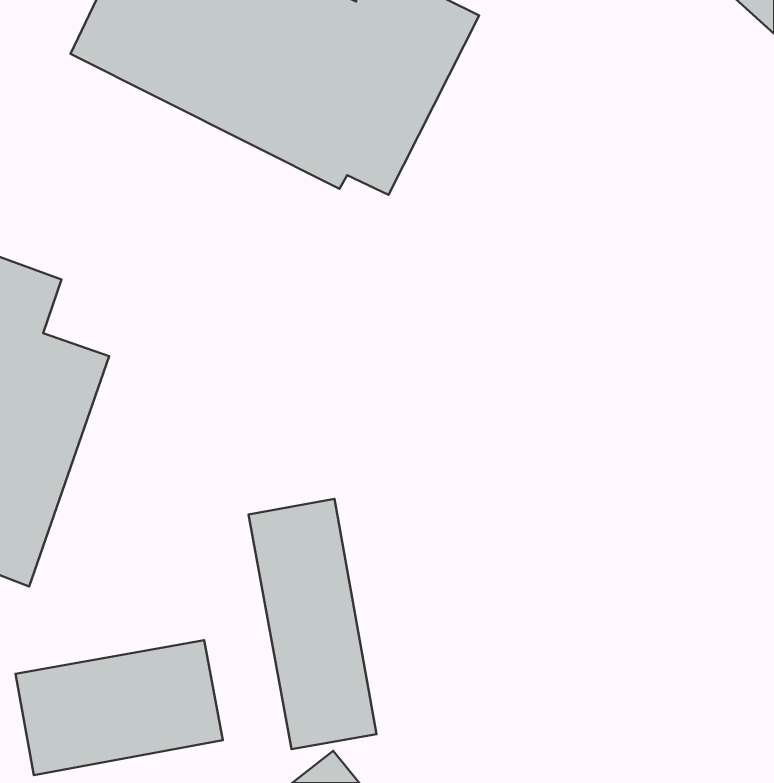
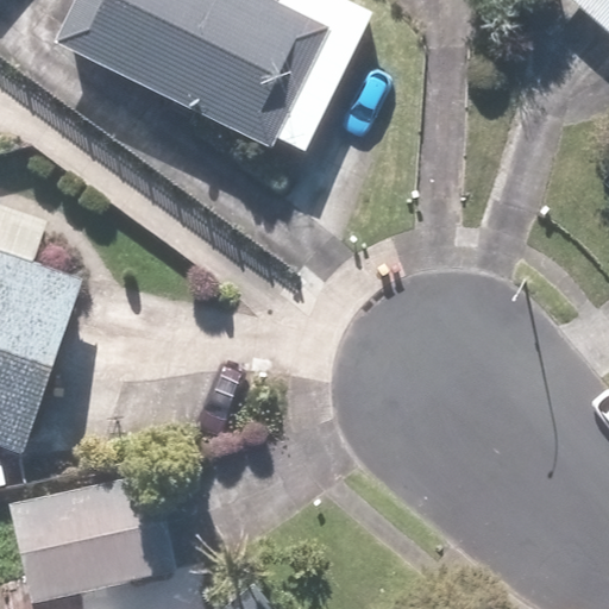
building: [248,499,377,749] -> none

